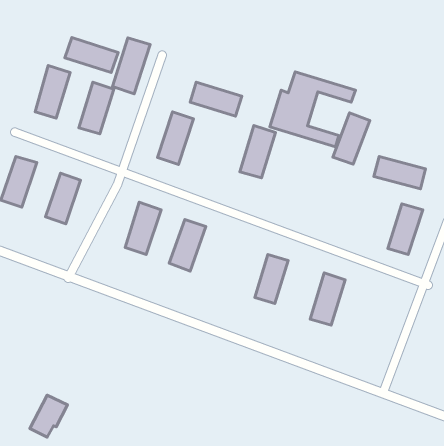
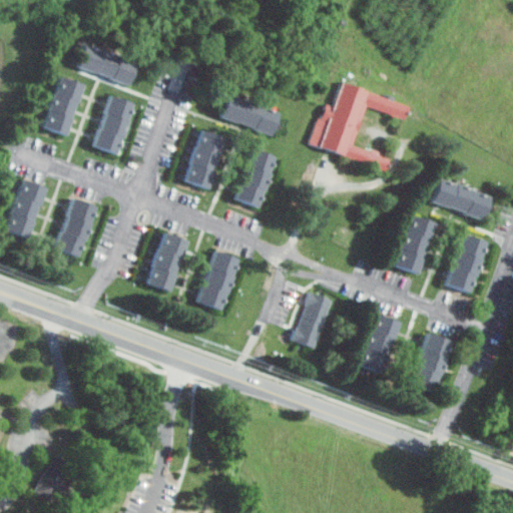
building: [112,38,150,94] -> none
building: [333,113,370,164] -> [395,214,437,274]
building: [240,126,276,178] -> [235,148,277,208]
building: none -> [412,334,451,393]

